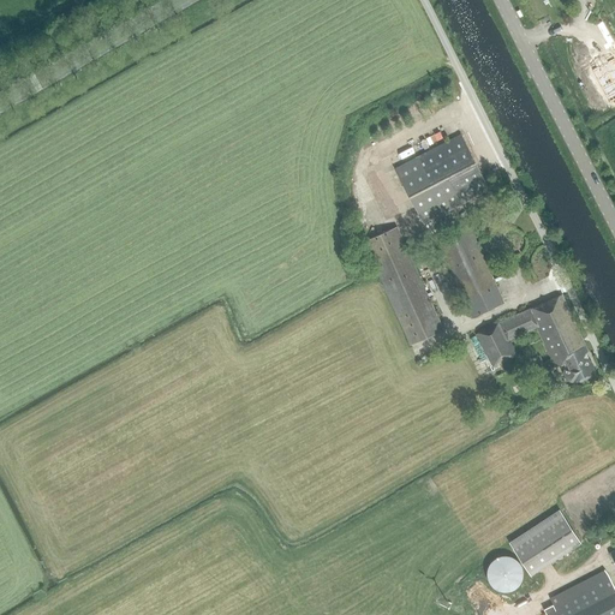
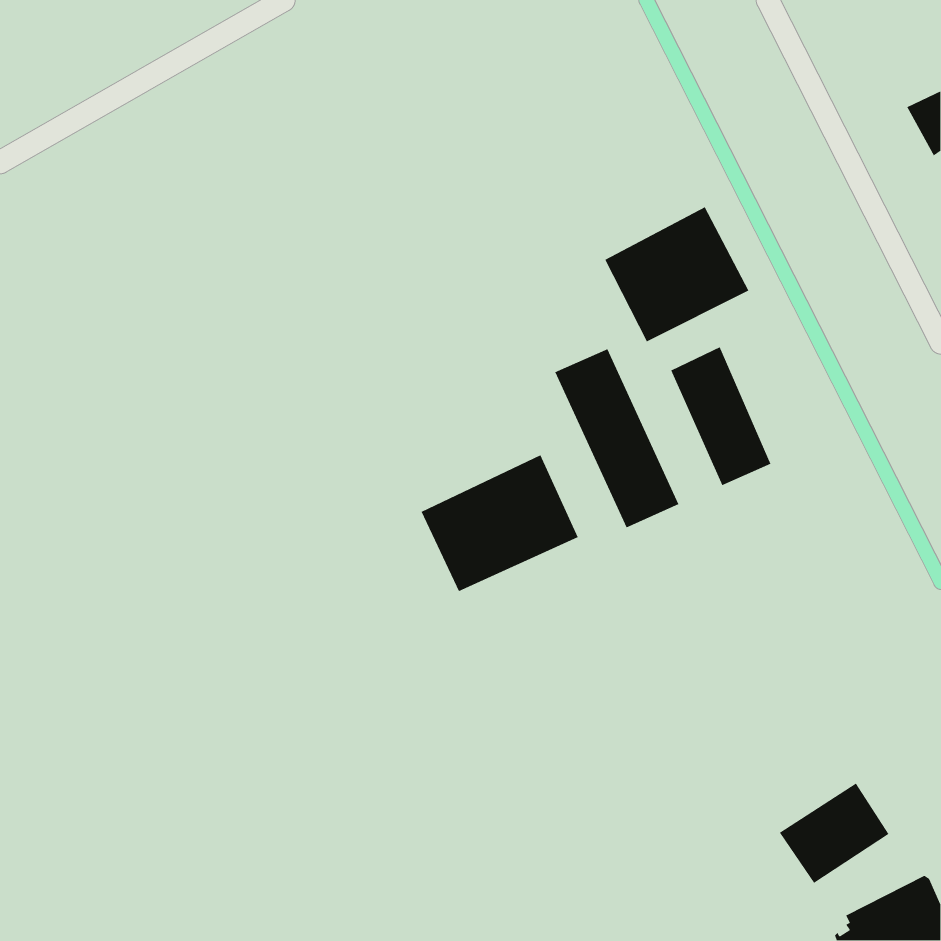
building: [476,294,596,382] -> none
building: none -> [420,454,579,592]
building: [486,556,521,592] -> none

